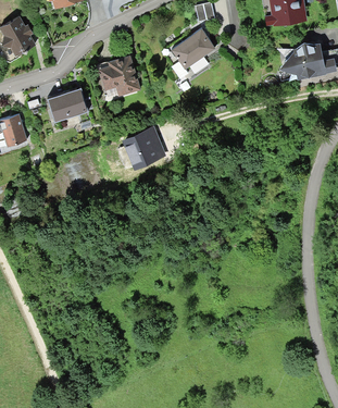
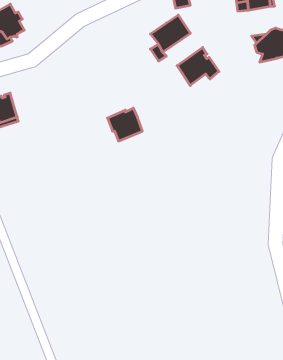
building: [100,58,139,95] -> none
building: none -> [177,47,219,86]
building: [48,87,89,121] -> none

